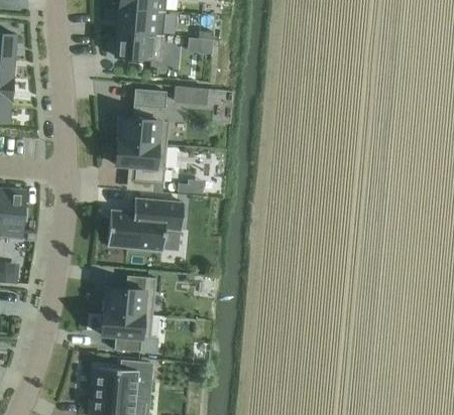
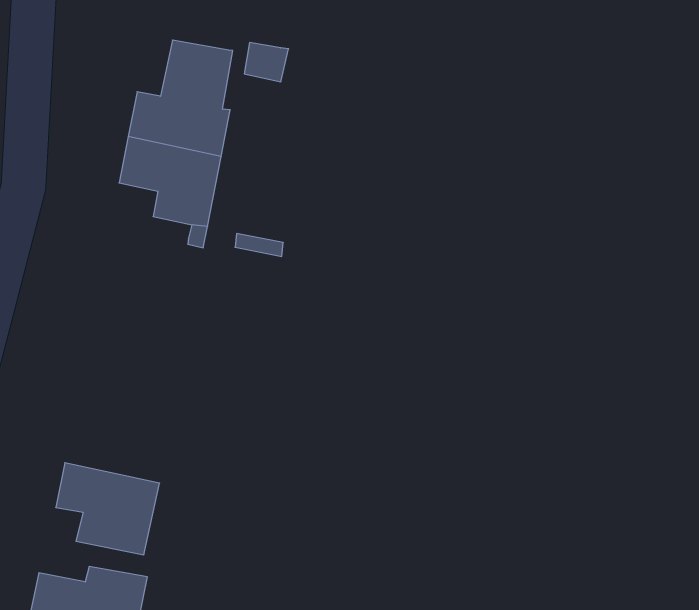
building: [107,198,184,251] -> none
building: [104,276,156,315] -> none

